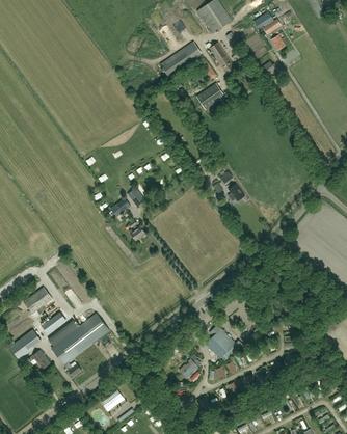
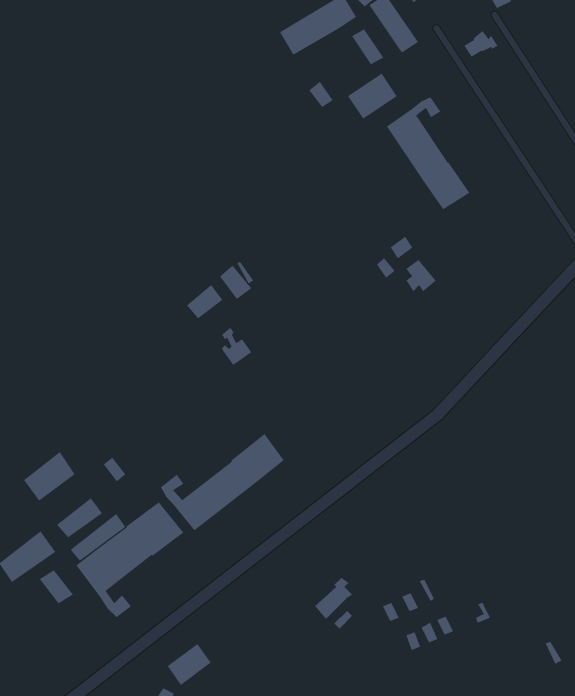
building: none -> [386,96,470,210]
building: none -> [160,433,285,531]
building: [208,328,236,360] -> none

